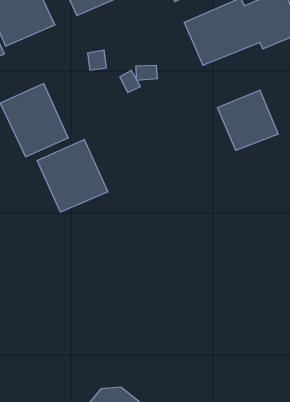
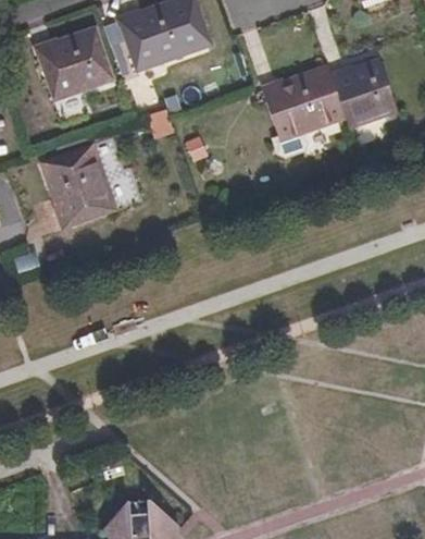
building: [218,90,278,150] -> none
building: [37,139,108,212] -> none

